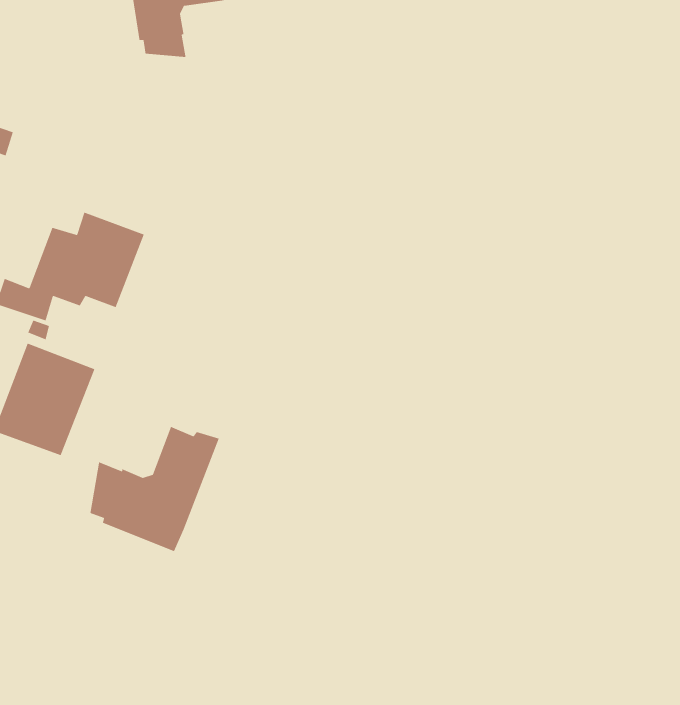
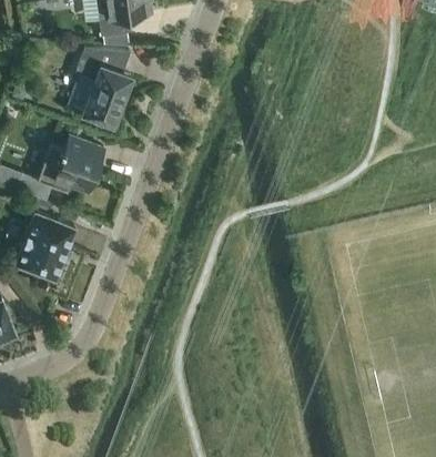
building: none -> [75,49,131,124]
building: [90,426,220,552] -> none

